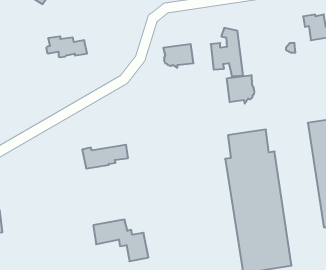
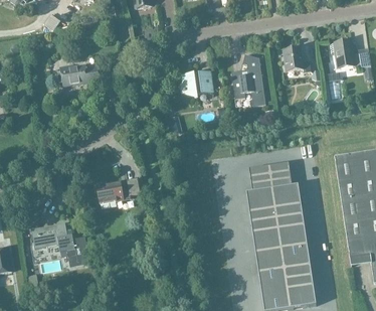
building: none -> [283,46,311,71]
building: [227,75,254,104] -> none
building: [93,220,148,261] -> [31,221,89,266]

